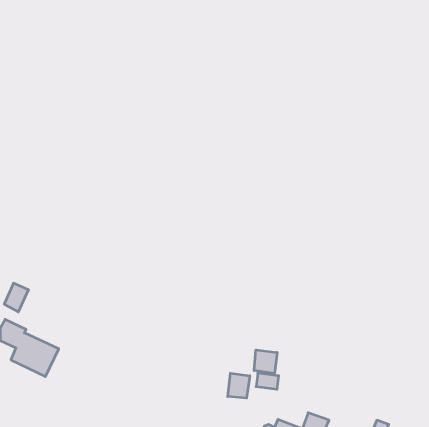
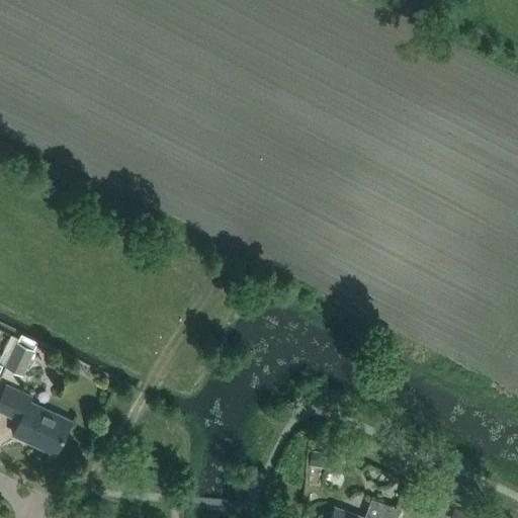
building: [254,350,277,374] -> none
building: [228,373,250,398] -> none

